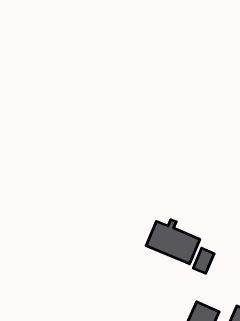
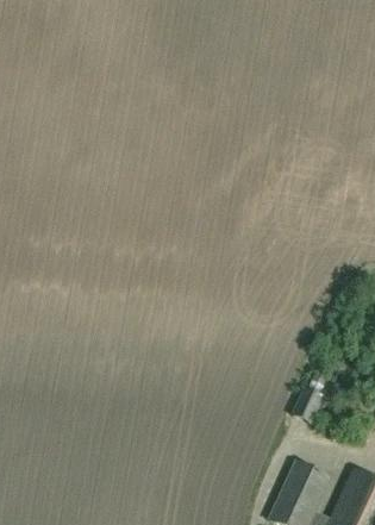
building: [146,220,200,264] -> none

